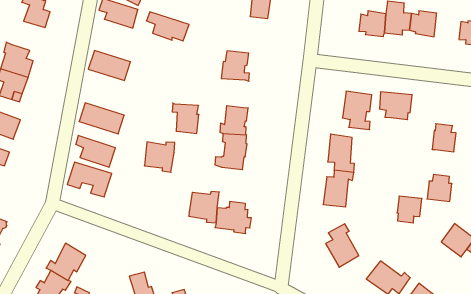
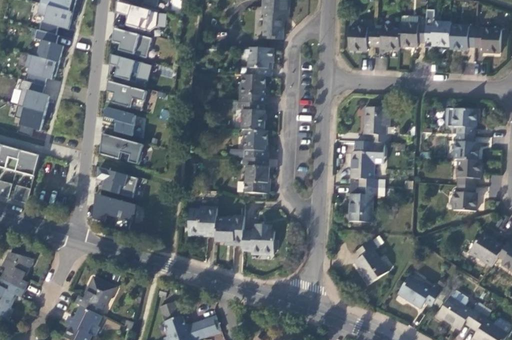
building: none -> [349,26,375,50]
building: [146,12,189,41] -> [109,54,152,81]
building: none -> [450,24,476,49]
building: none -> [25,53,59,85]
building: none -> [246,46,274,74]
building: none -> [104,107,142,136]
building: [379,92,412,120] -> [445,108,477,134]
building: [172,103,199,133] -> [237,100,264,129]
building: [144,142,175,172] -> [188,207,217,237]
building: [397,196,422,223] -> [457,159,481,185]

